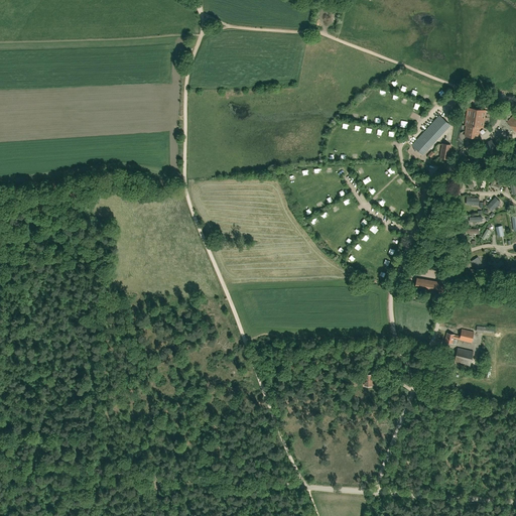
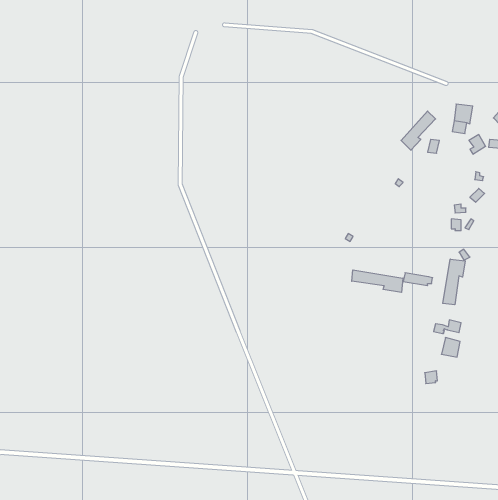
building: none -> [443,259,465,305]
building: none -> [352,270,403,292]

